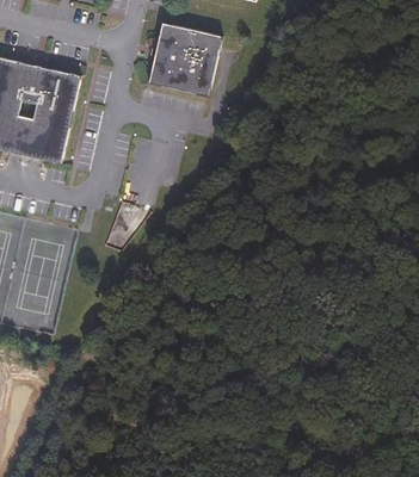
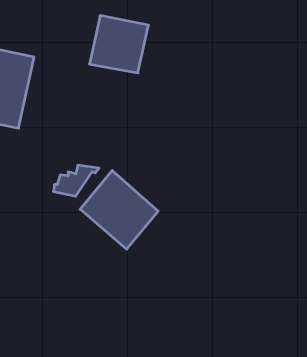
building: none -> [80,170,158,249]

